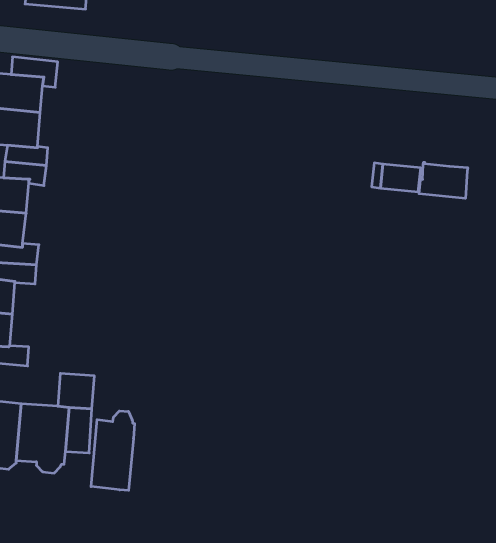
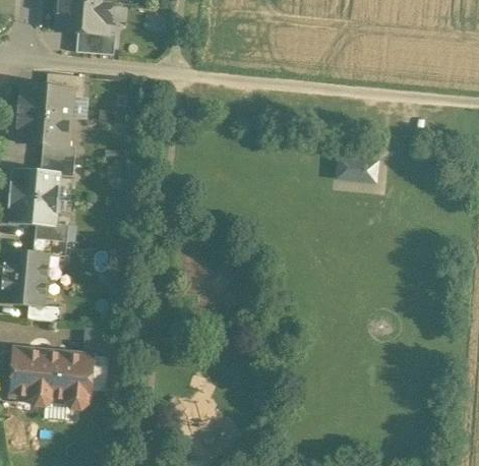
building: none -> [77,31,117,53]
building: [419,162,468,198] -> none
building: [91,411,135,490] -> none

